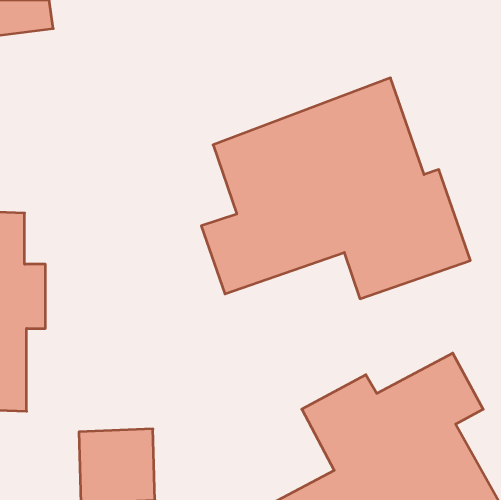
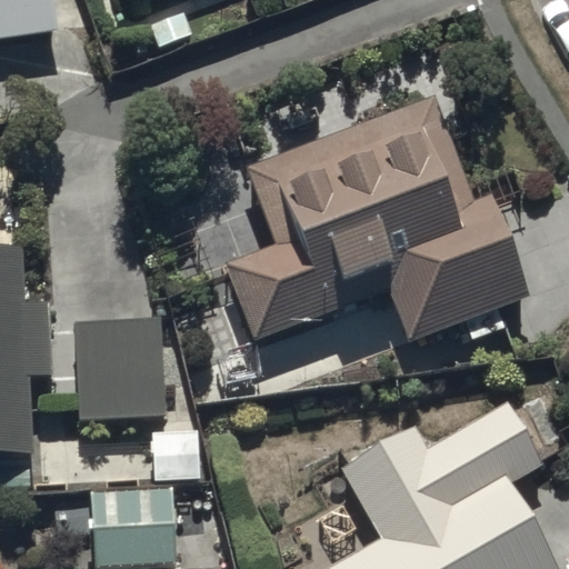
building: none -> [77,317,162,423]

